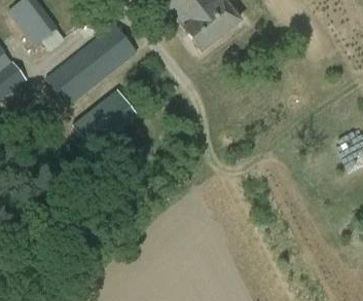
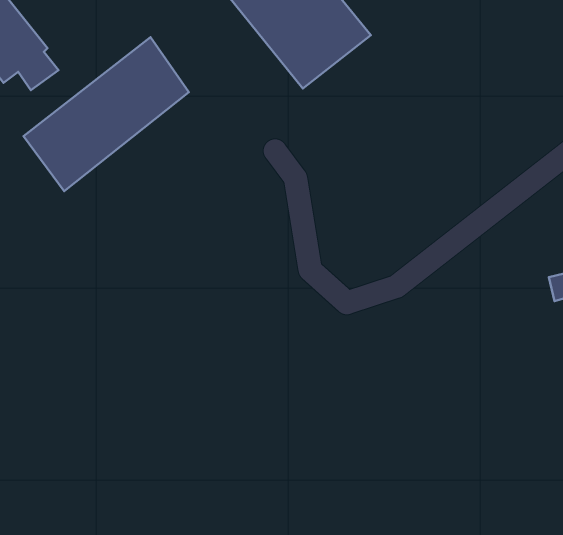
building: [70,98,123,148] -> none

